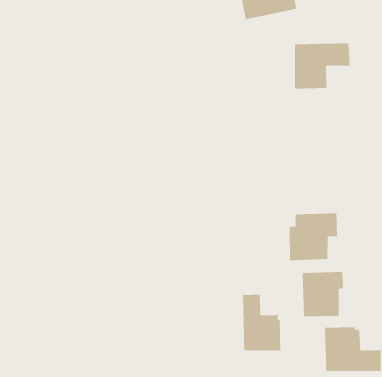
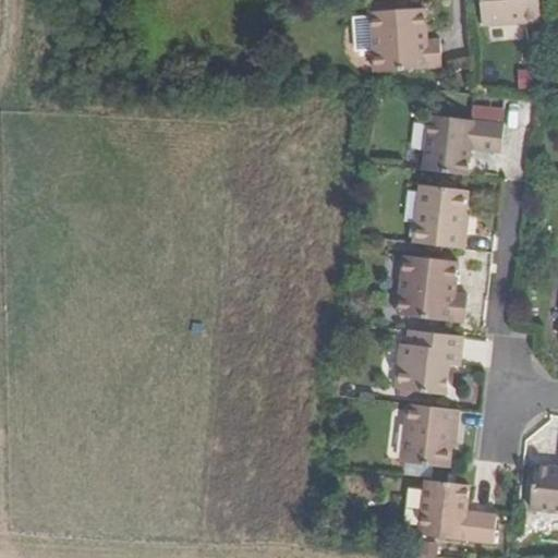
building: none -> [413,187,464,248]
building: none -> [400,255,463,323]
building: [242,294,281,351] -> none

